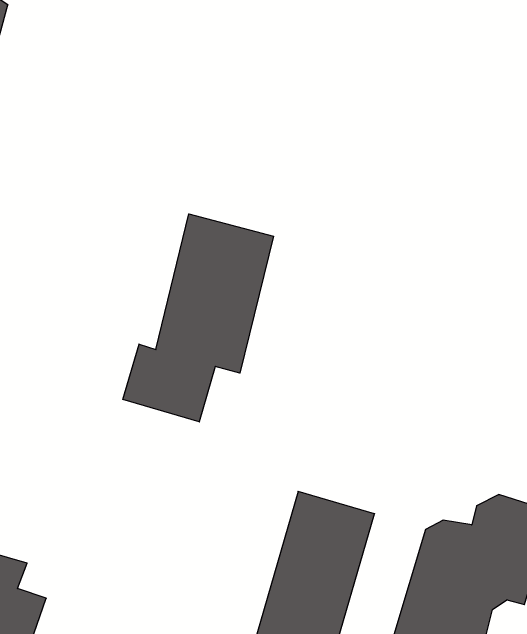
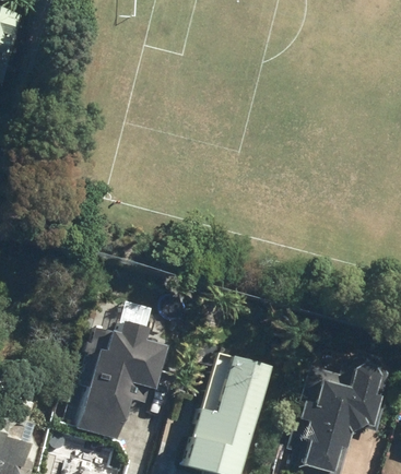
building: [123,214,274,422] -> none
building: none -> [75,319,168,439]

